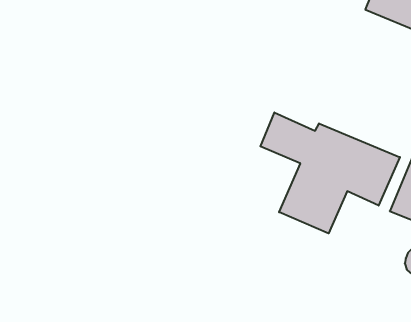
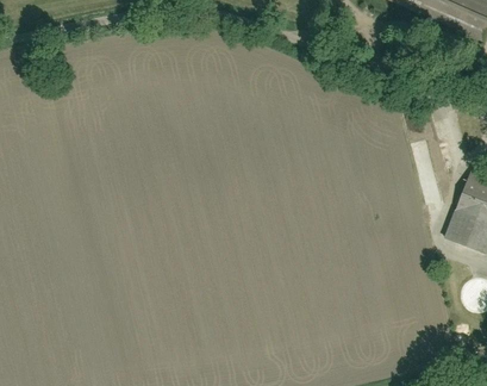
building: [260,112,400,233] -> none

